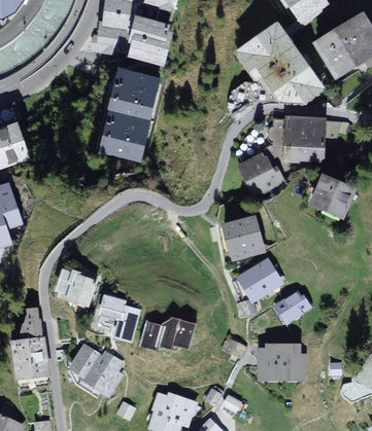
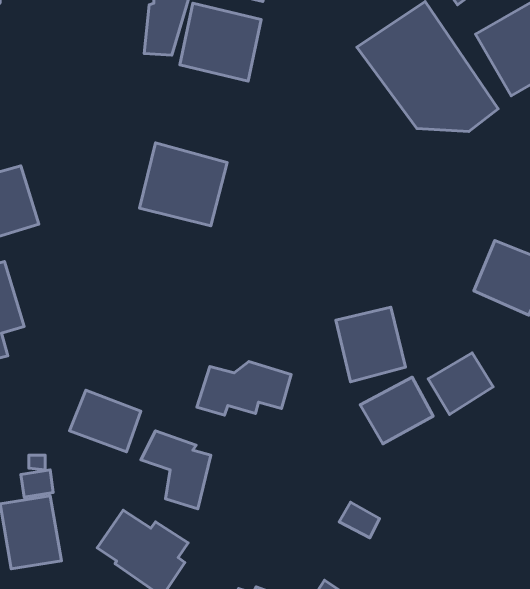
building: [105,67,162,122] -> none
building: [281,118,326,165] -> none
building: [235,152,285,199] -> none
building: [272,289,313,328] -> [428,353,493,414]
building: [137,317,197,351] -> [197,362,291,415]
building: [260,344,307,381] -> none

